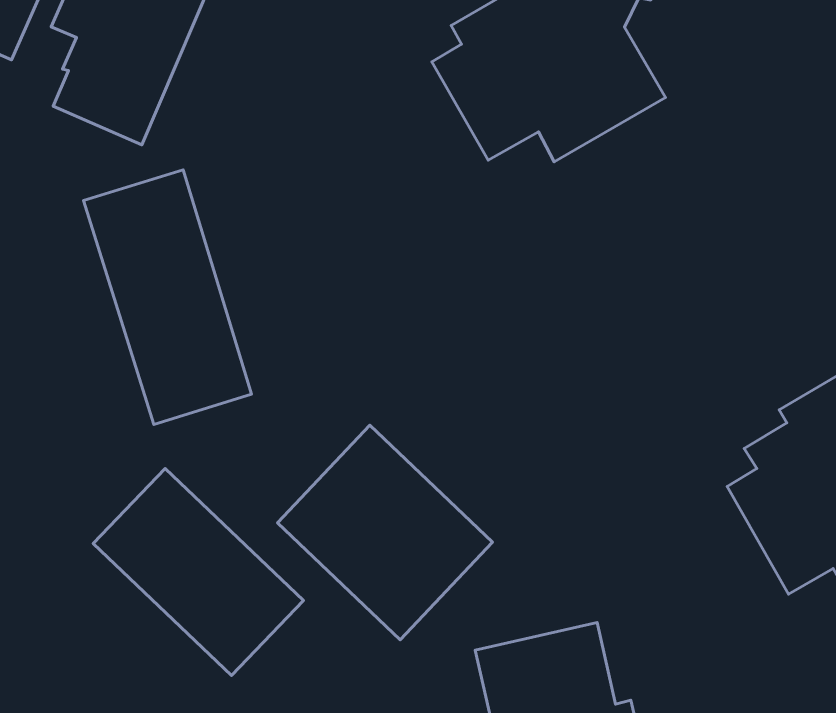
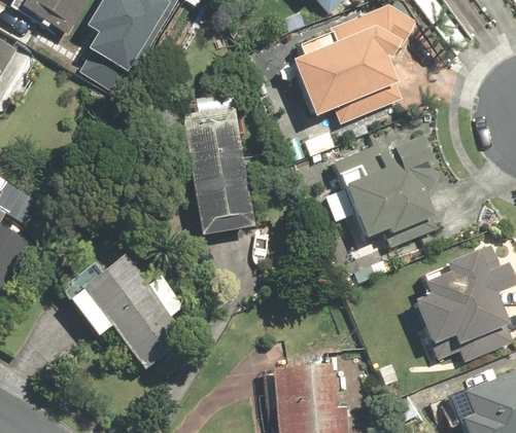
building: [83,170,252,425] -> [178,107,252,237]
building: none -> [333,137,439,246]
building: [278,425,492,640] -> none

